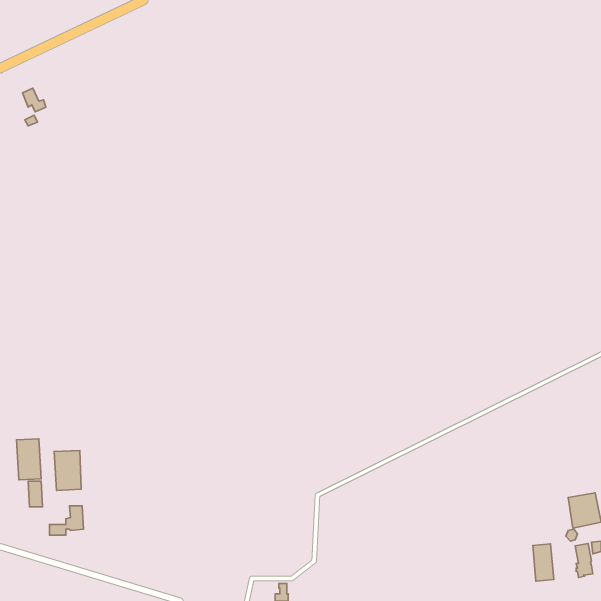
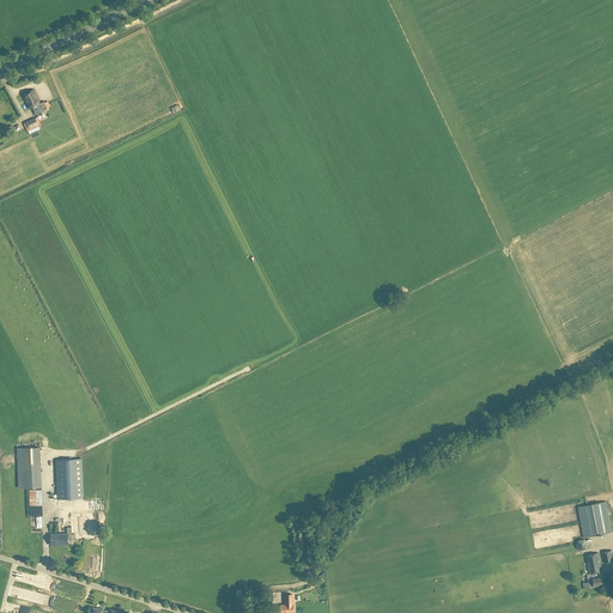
building: [533,544,554,581] -> none

